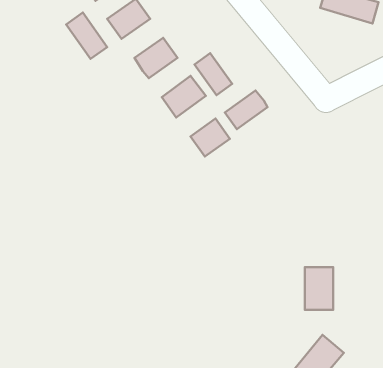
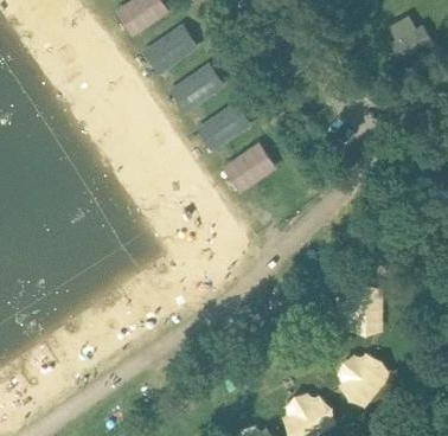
building: [66,12,107,59] -> none
building: [195,53,232,95] -> none
building: [225,91,268,129] -> none

